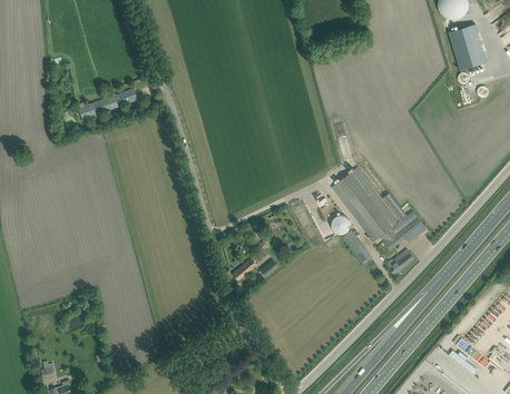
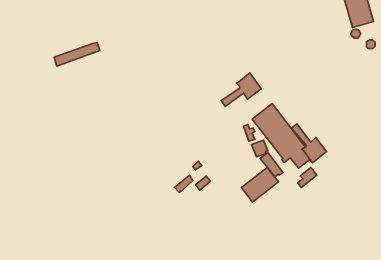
building: none -> [221,73,261,107]
building: none -> [241,168,278,202]

